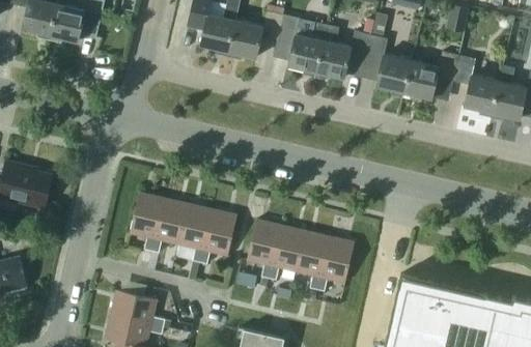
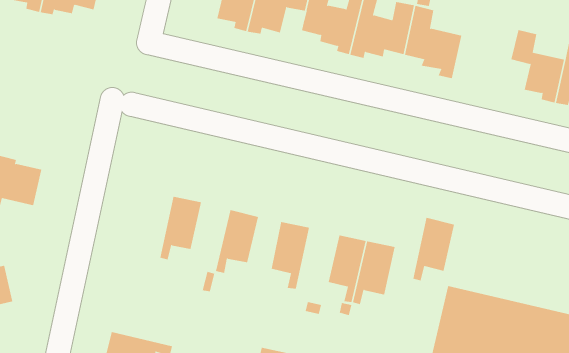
building: [402,51,458,99] -> none
building: [129,192,163,251] -> none
building: [178,203,212,262] -> none
building: [269,225,305,280] -> [413,217,455,281]
building: [110,289,165,326] -> none

